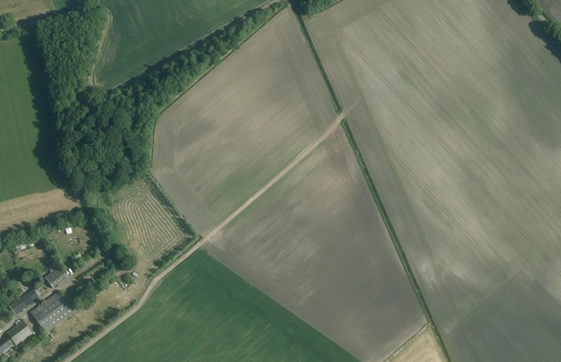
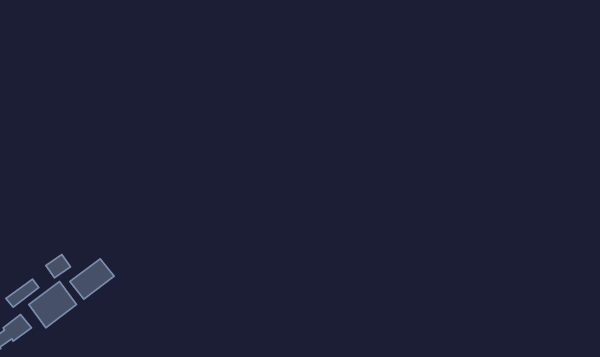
building: none -> [70,259,114,299]

